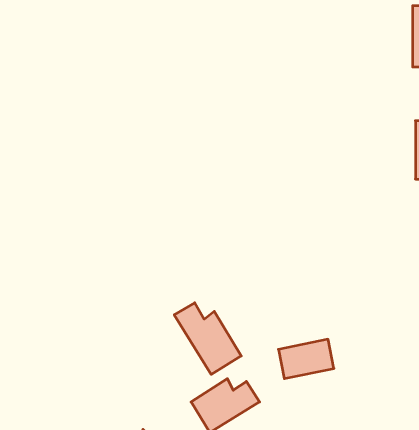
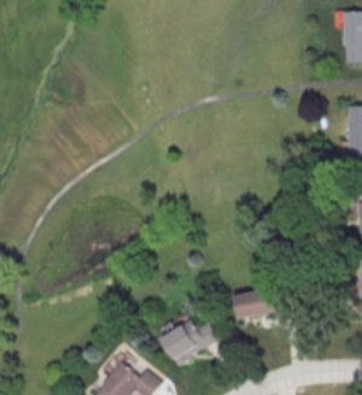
building: [174,303,241,374] -> none

